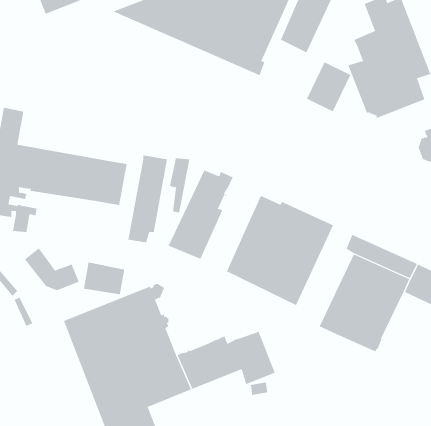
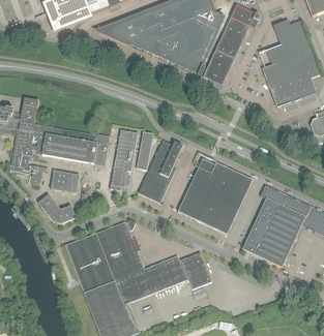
building: [306,61,351,112] -> [203,50,234,85]
building: [83,262,125,295] -> [51,170,80,192]

